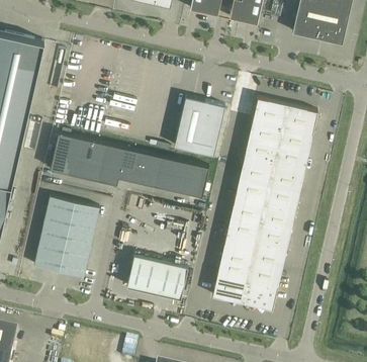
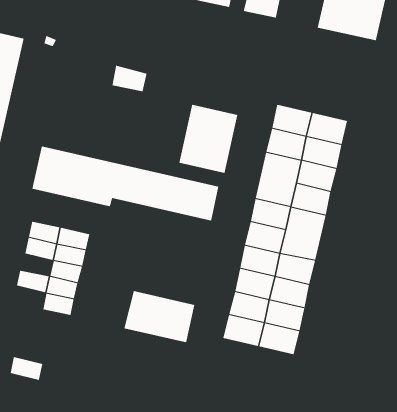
building: none -> [112,65,147,92]
building: [39,223,68,243] -> none
building: [33,251,62,271] -> [10,357,43,380]

